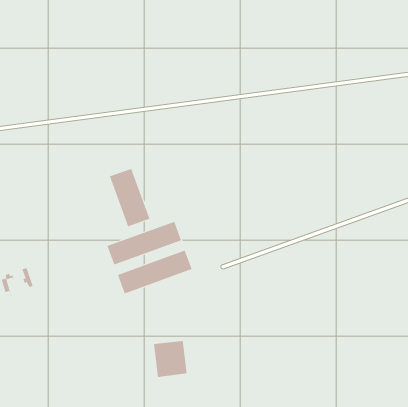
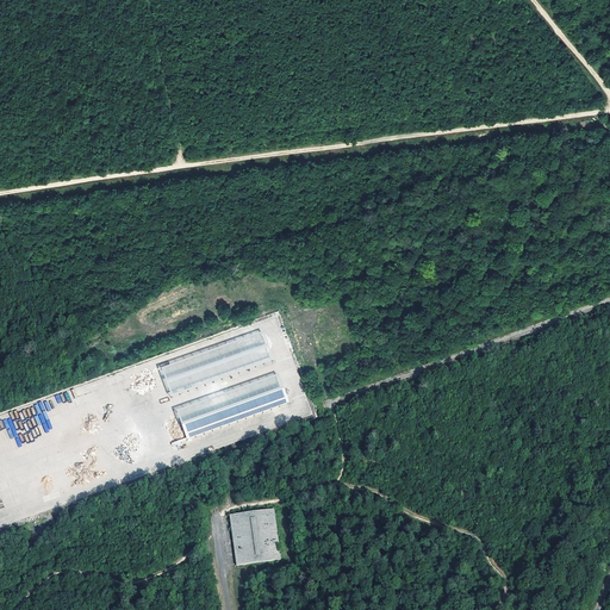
building: [109,168,150,227] -> none

